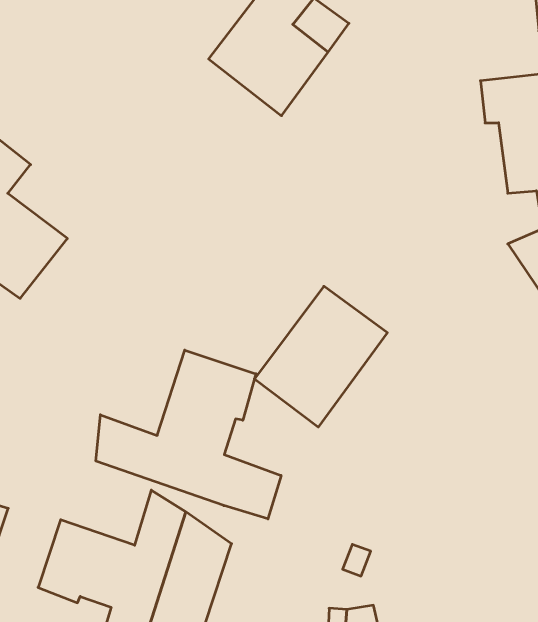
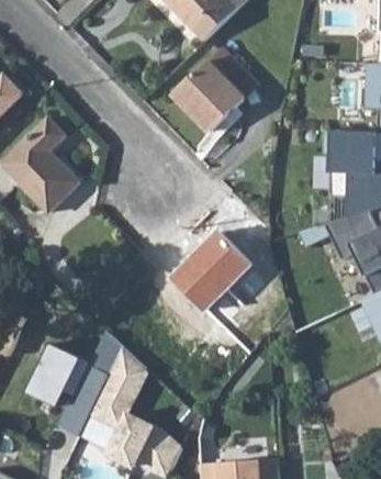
building: [96,350,281,519] -> none

